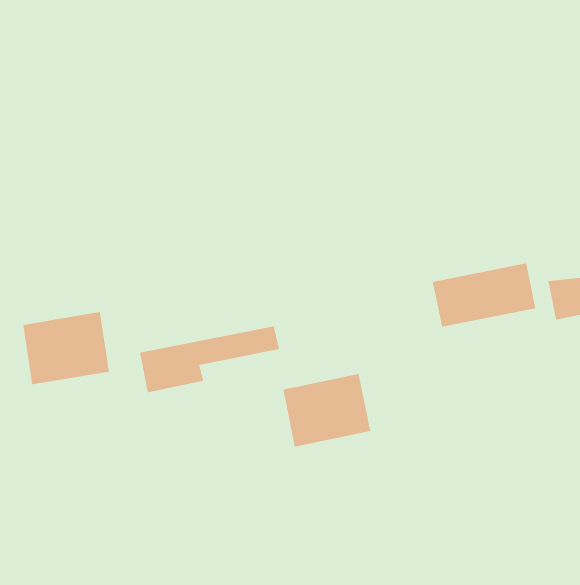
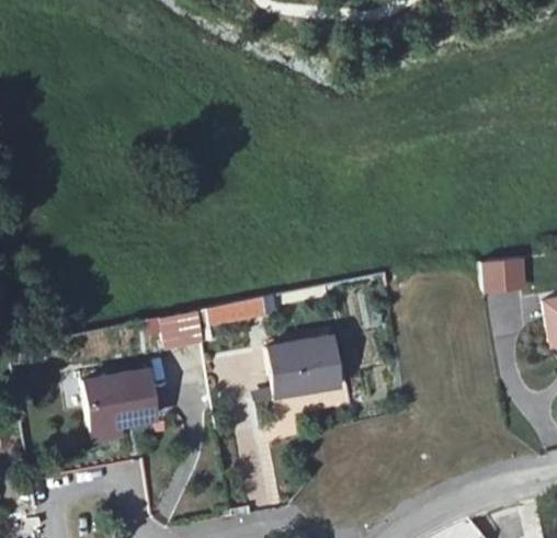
building: [432,263,536,328] -> none
building: [22,311,110,385] -> [81,368,154,430]

